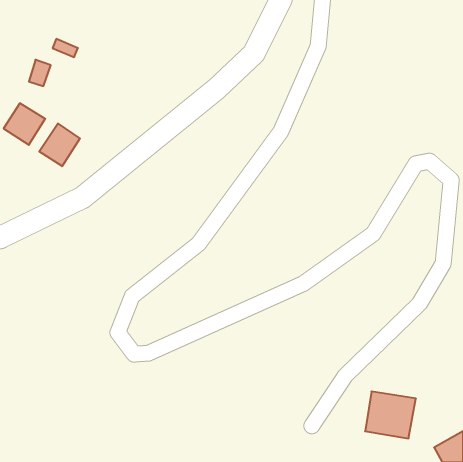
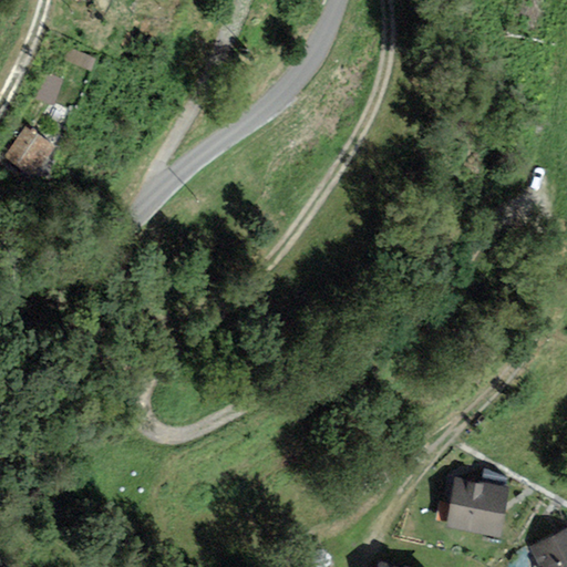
building: [39,123,80,166] -> none

